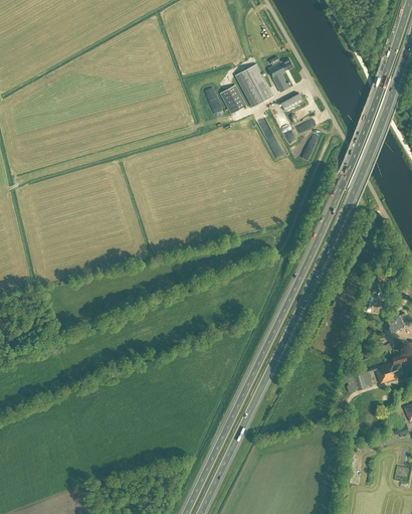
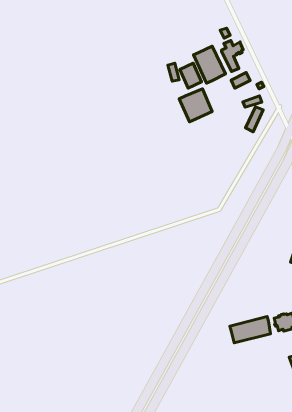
building: none -> [179,89,212,122]
building: none -> [230,317,271,343]

